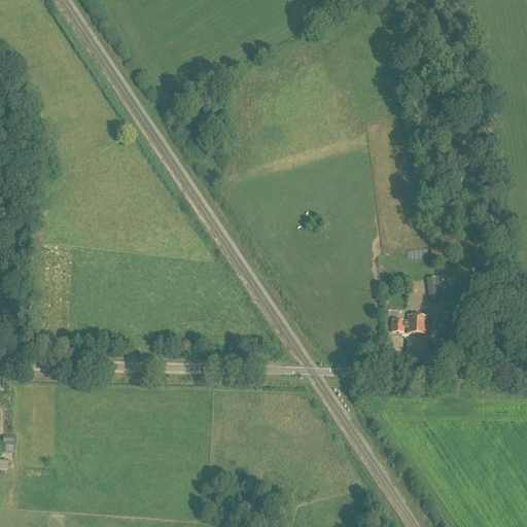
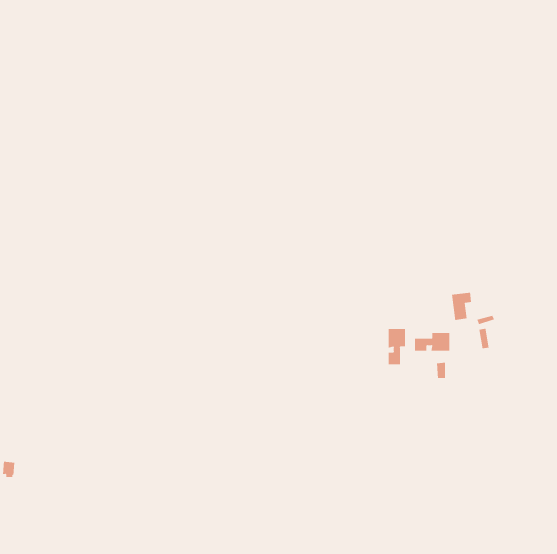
building: none -> [388,328,405,365]

